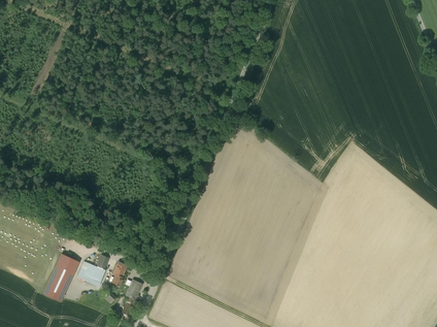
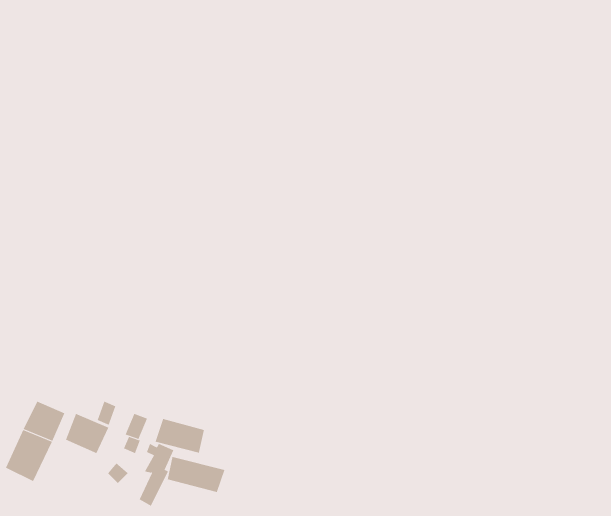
building: none -> [155,418,205,453]
building: none -> [167,456,225,493]

